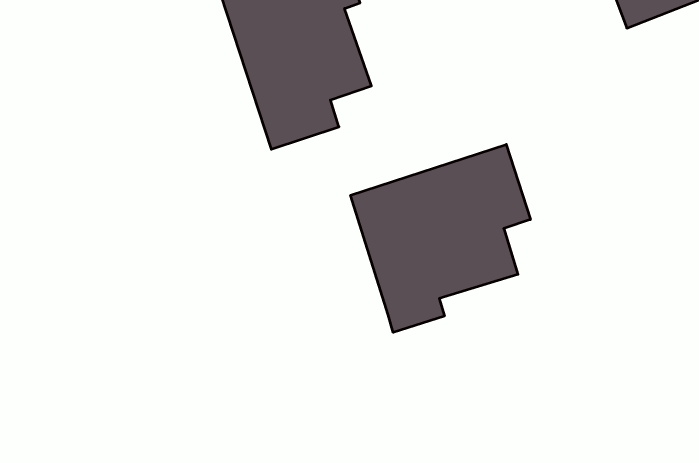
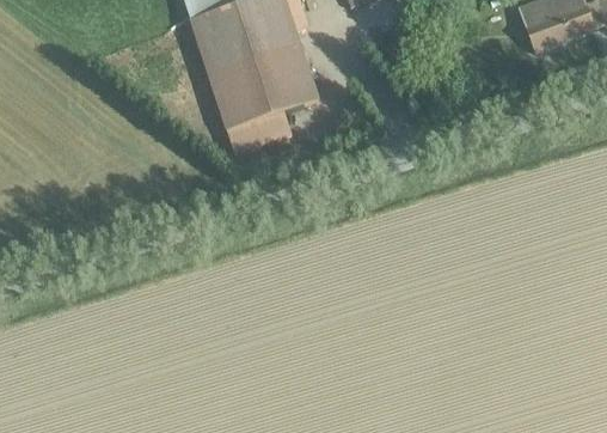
building: [351,144,530,332] -> none

